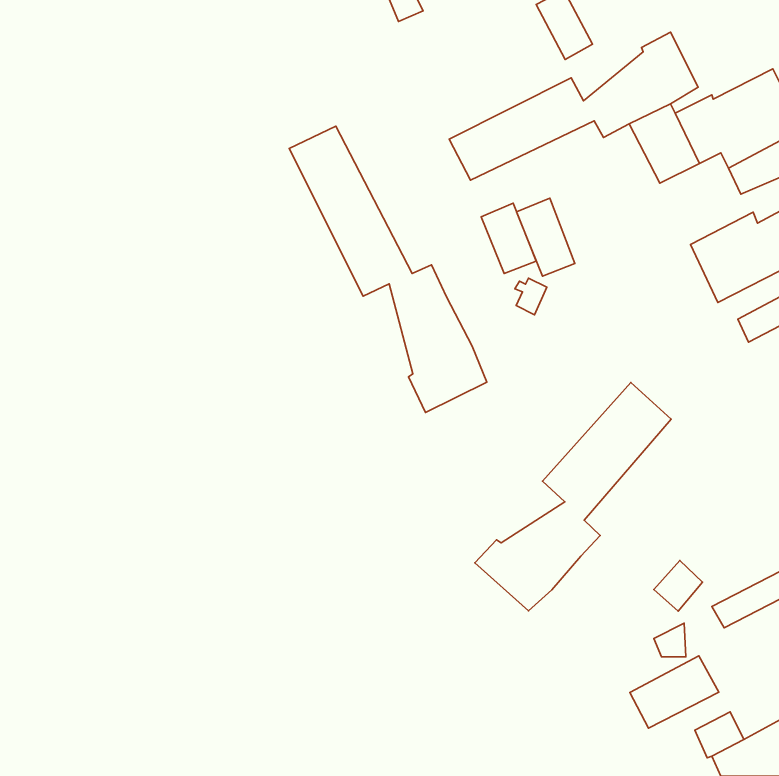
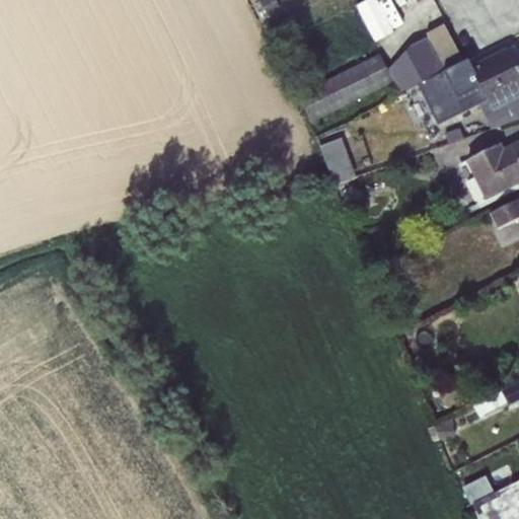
building: [289,126,487,413] -> none
building: [517,198,575,276] -> none
building: [475,382,671,611] -> none
building: [630,656,719,728] -> none

